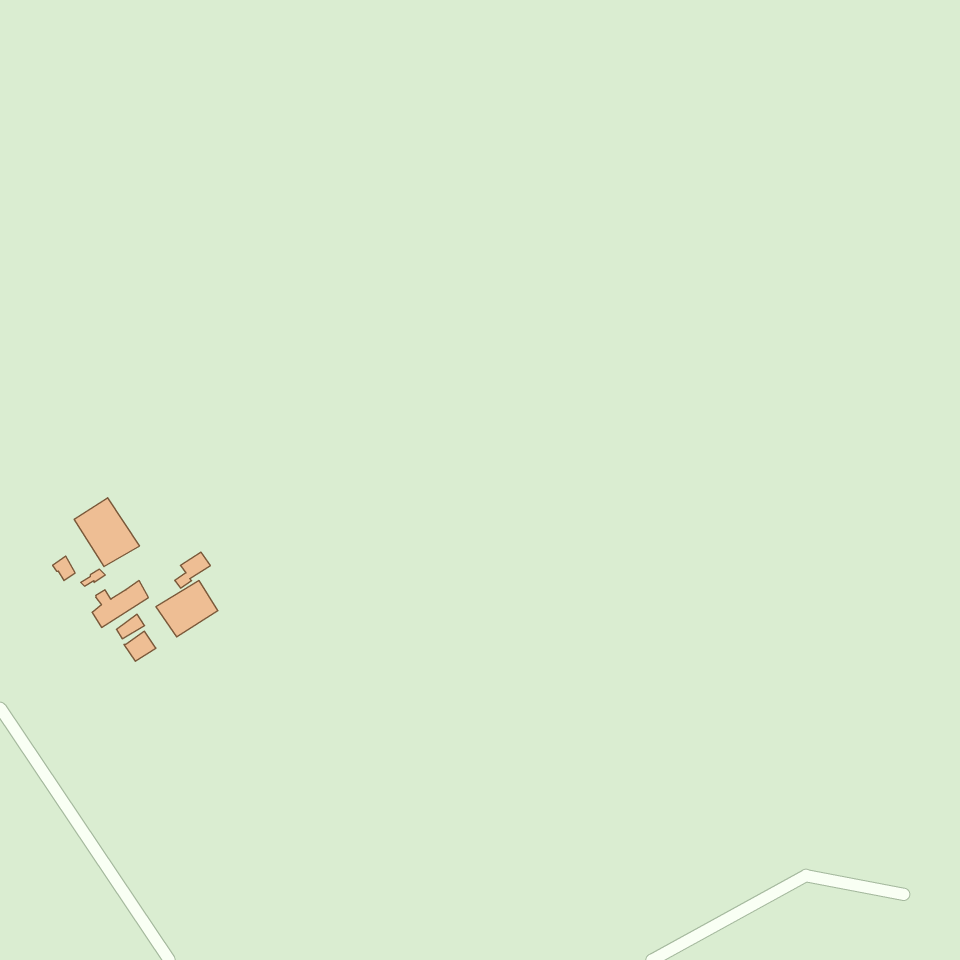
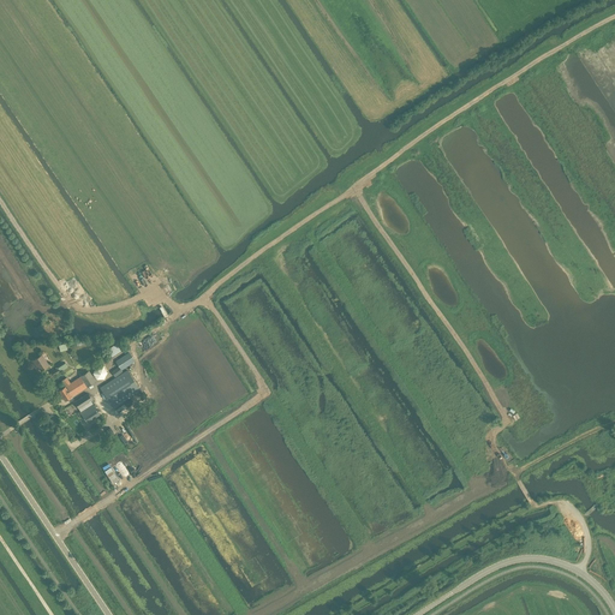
building: [74,498,139,567] -> none

